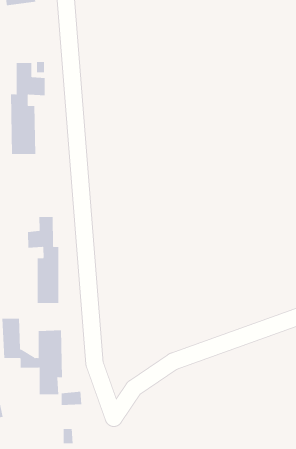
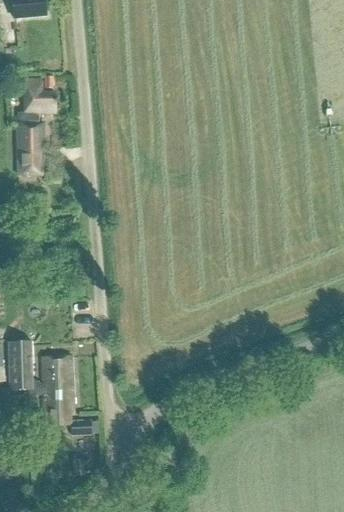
building: [27,216,59,304] -> none

